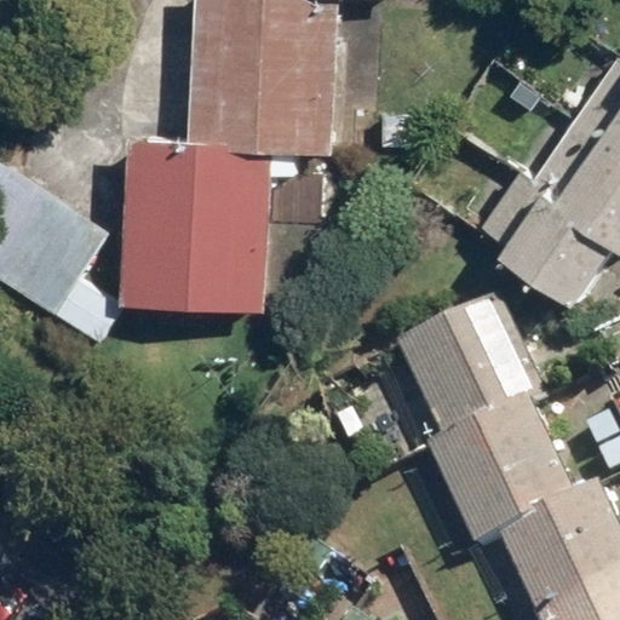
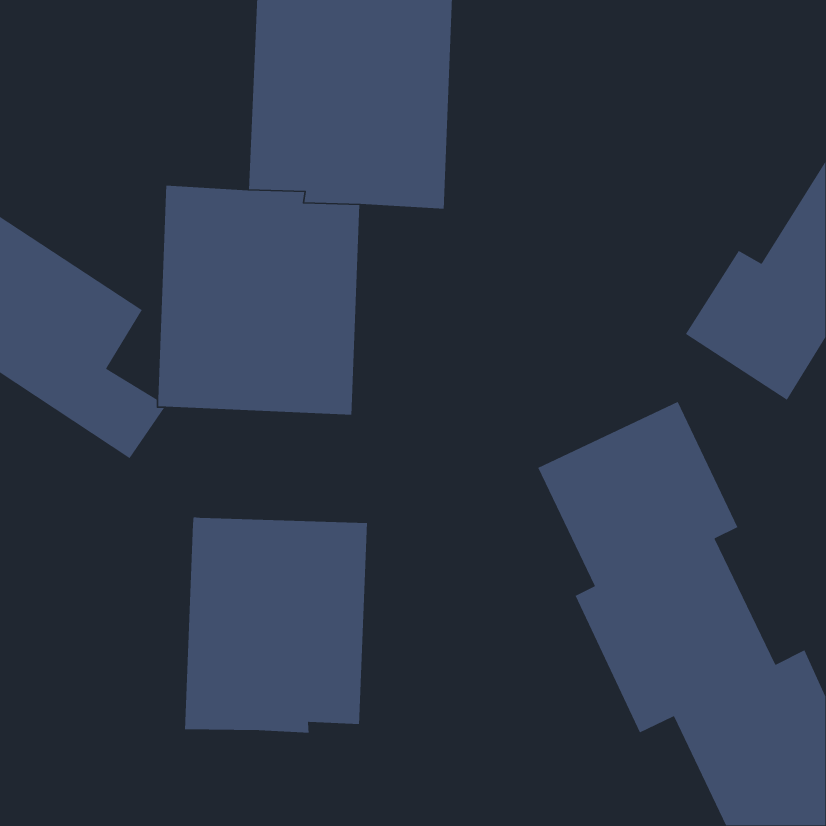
building: none -> [184,516,368,733]

